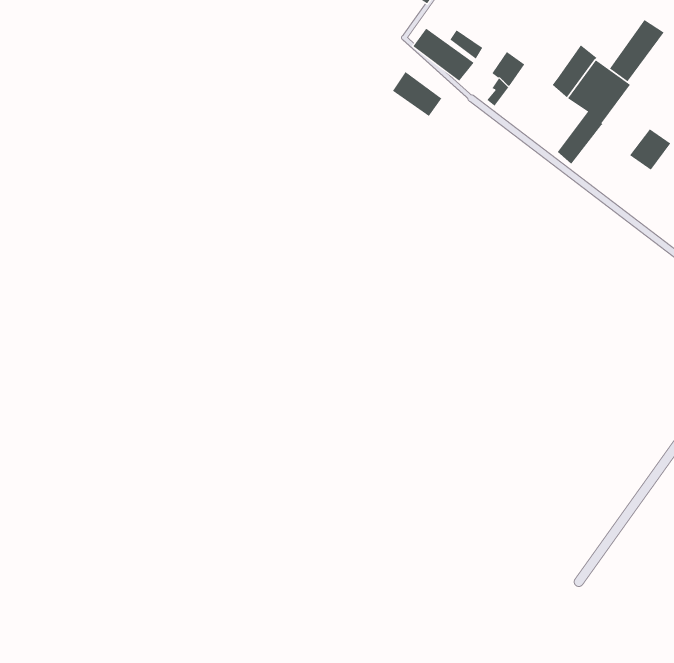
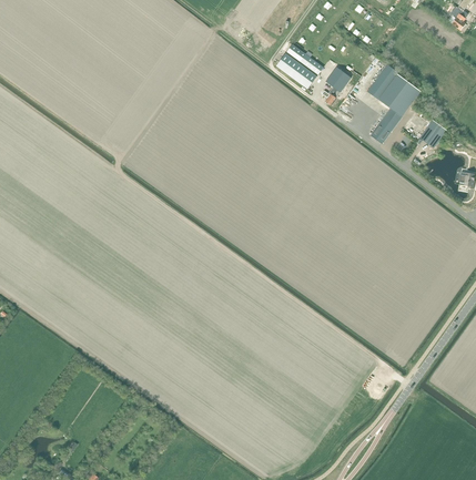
building: [609,19,664,82] -> none
building: [392,71,442,117] -> none

